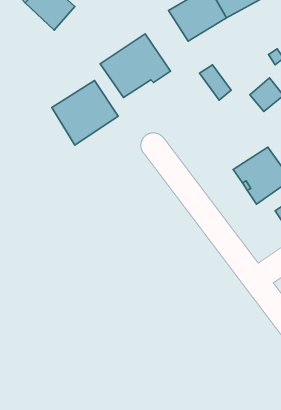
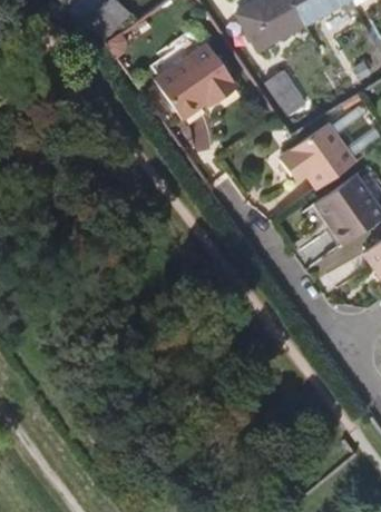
building: [52,81,118,145] -> none
building: none -> [286,125,355,190]

